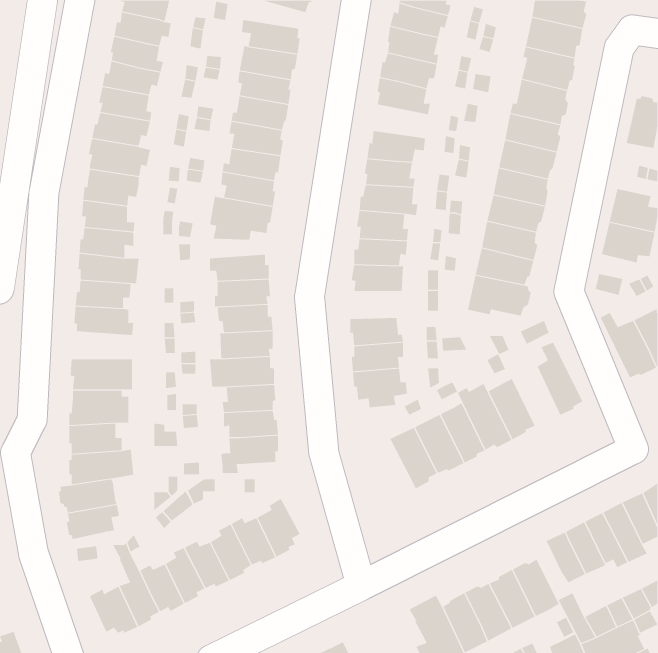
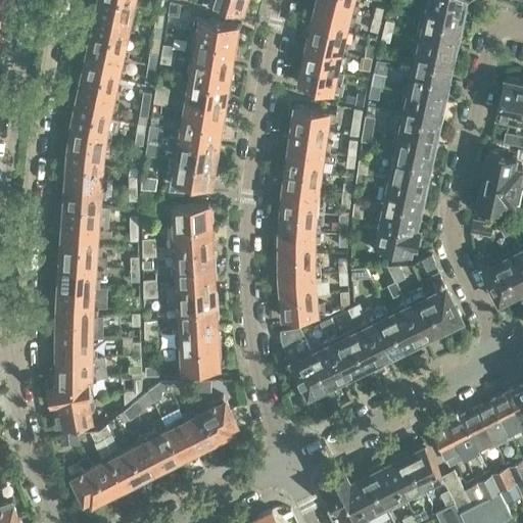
building: none -> [277,236,319,257]
building: none -> [56,268,105,289]
building: none -> [402,289,443,342]
building: none -> [280,332,329,399]

